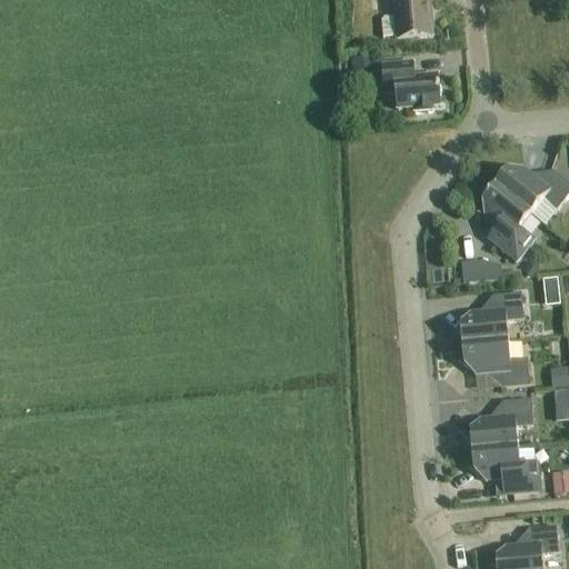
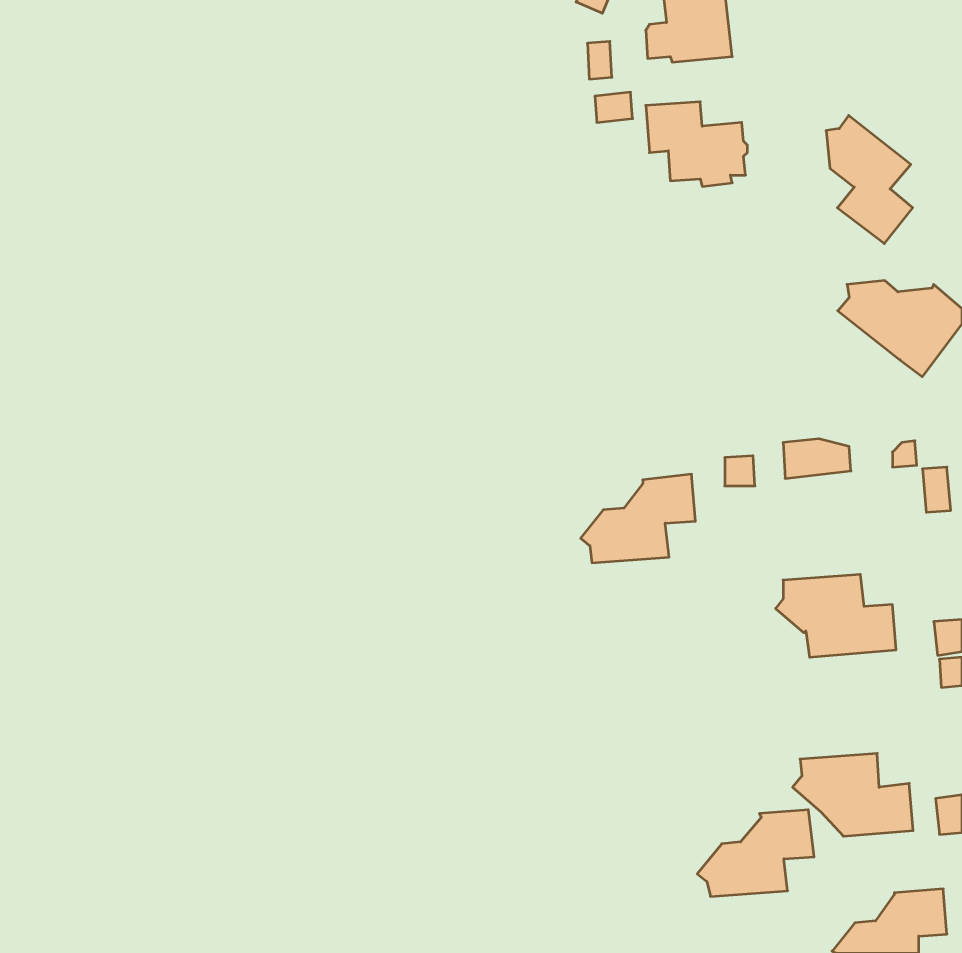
building: [481,183,532,259] -> [826,115,913,244]
building: [456,290,523,342] -> [581,474,695,563]
building: [465,397,533,448] -> [697,810,814,896]

